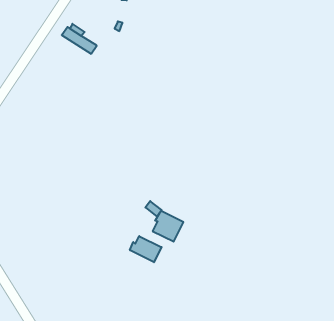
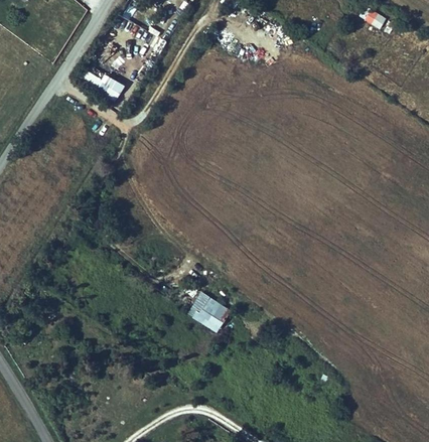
building: [130,236,162,262] -> none

